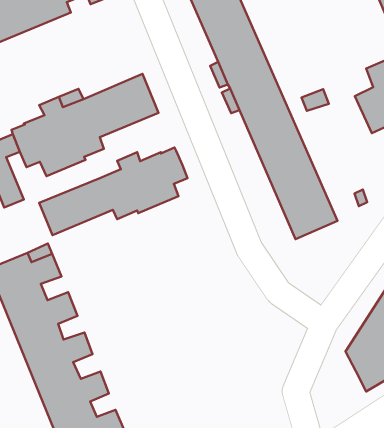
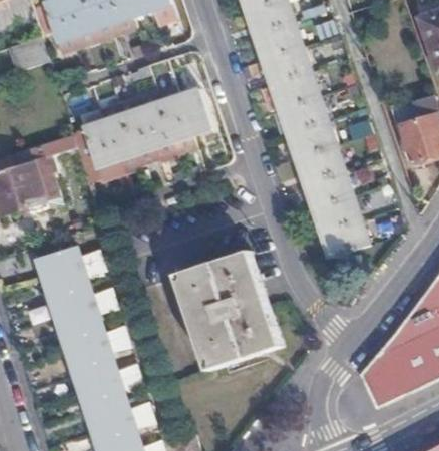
building: [39,148,188,235] -> none
building: none -> [157,250,280,377]

